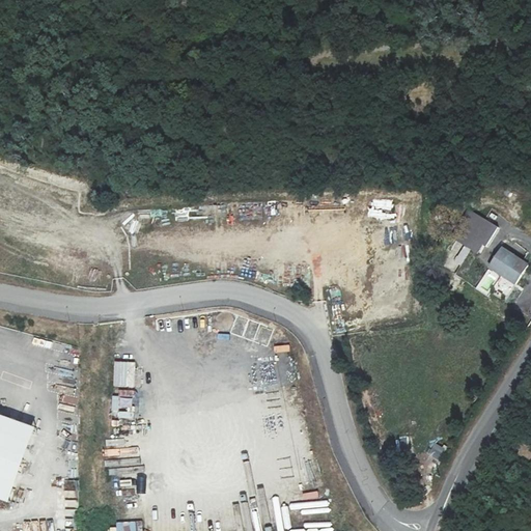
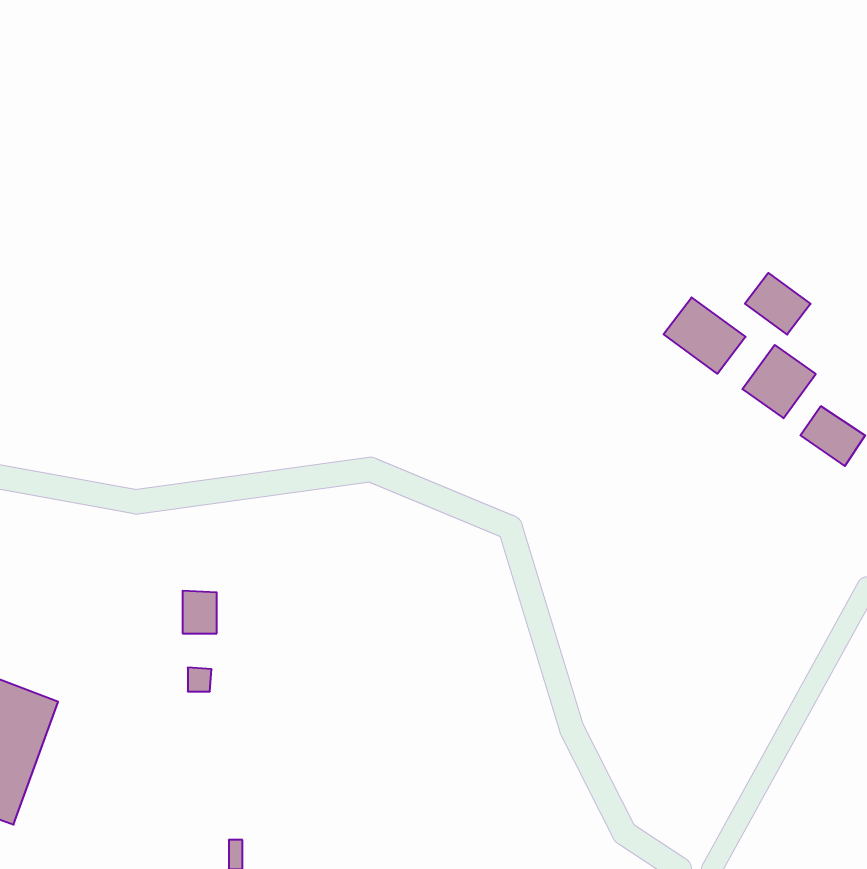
building: none -> [745,273,811,335]
building: none -> [664,297,746,374]

